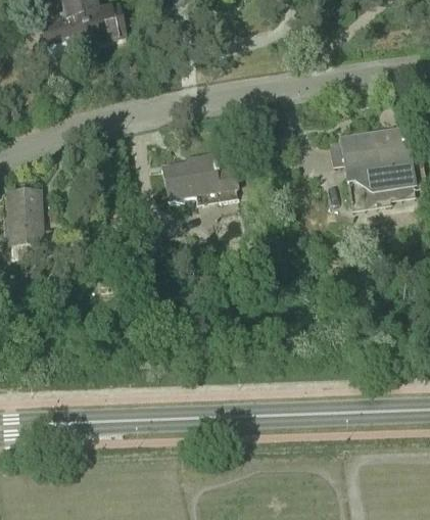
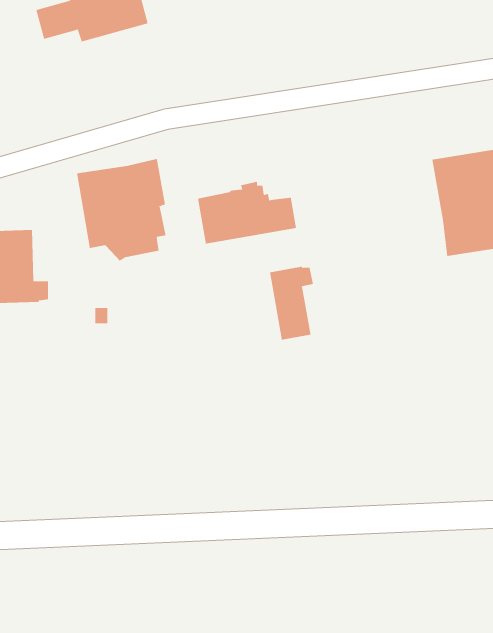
building: none -> [77,158,166,261]
building: none -> [269,266,314,340]

